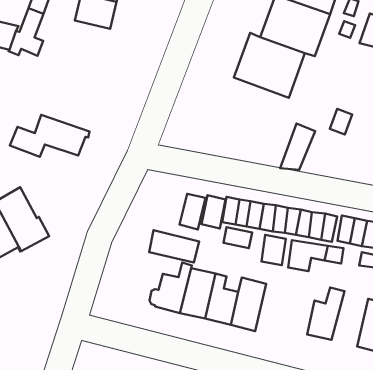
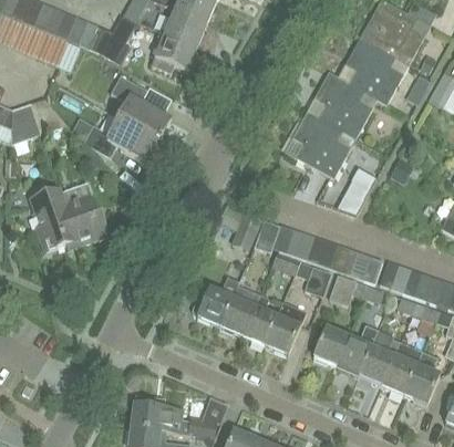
building: none -> [152,33,196,72]
building: none -> [110,75,171,141]
building: none -> [285,112,354,178]
building: [149,230,199,263] -> none
building: none -> [358,331,399,385]
building: none -> [312,325,348,366]

